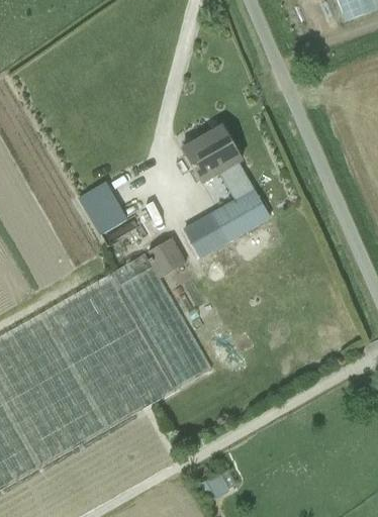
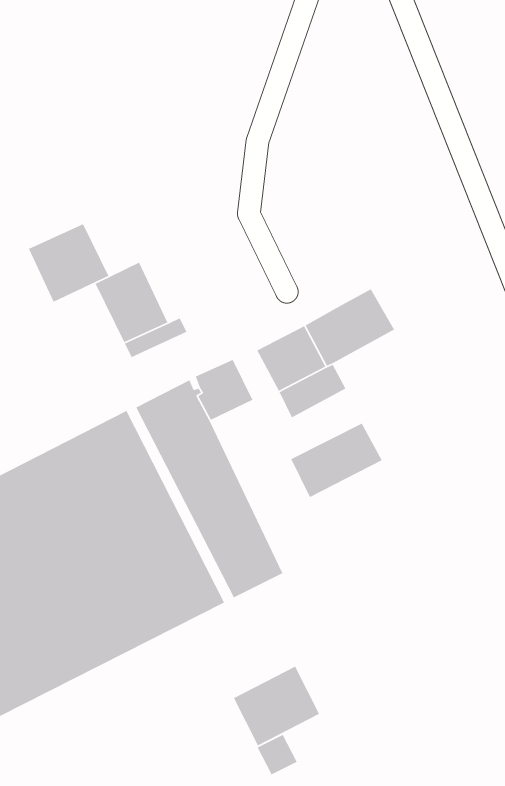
building: [184,124,255,201] -> none
building: none -> [28,223,110,303]
building: none -> [290,422,383,498]
building: none -> [233,665,320,747]

